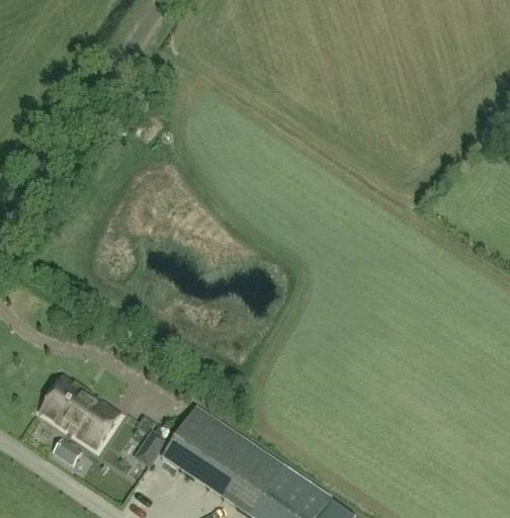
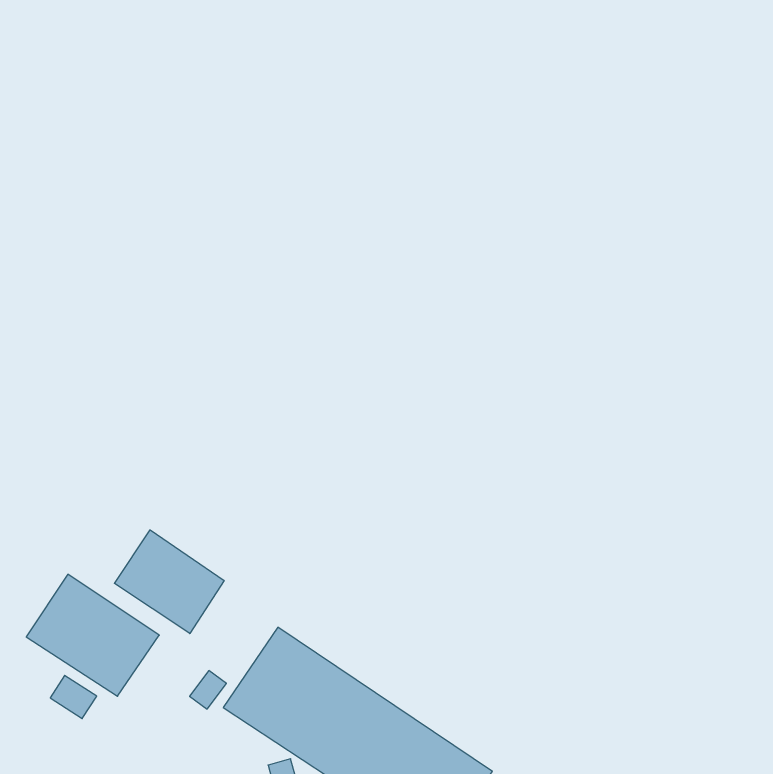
building: none -> [114,530,224,634]

